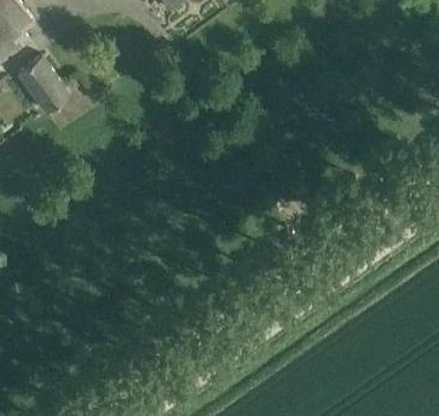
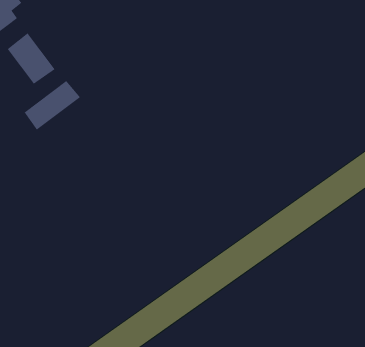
building: none -> [24,80,81,131]

